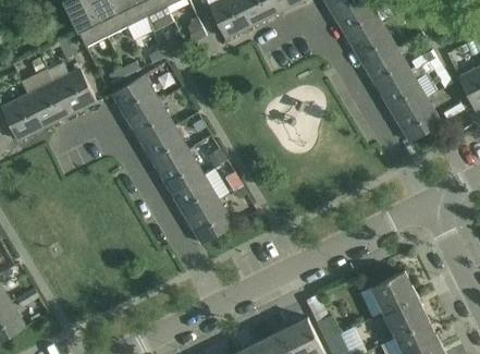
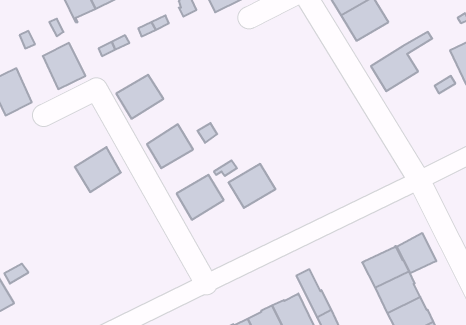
building: [365,49,410,93] -> none
building: [111,75,158,120] -> none
building: [27,83,69,129] -> none
building: [394,98,441,143] -> none
building: [141,125,187,170] -> [75,147,121,192]
building: [171,175,218,219] -> [228,164,276,208]
building: none -> [397,233,436,273]

